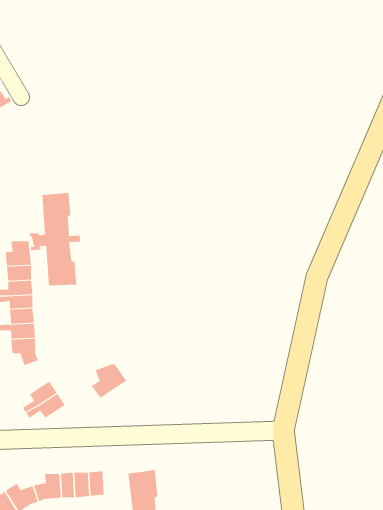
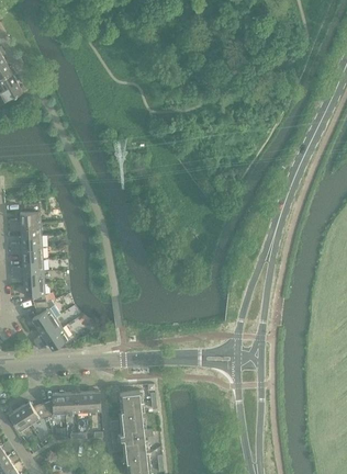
building: [29,192,80,286] -> none
building: [91,363,127,398] -> [30,301,59,329]

